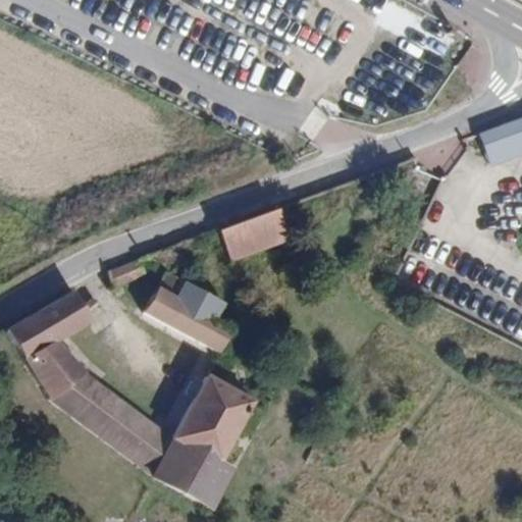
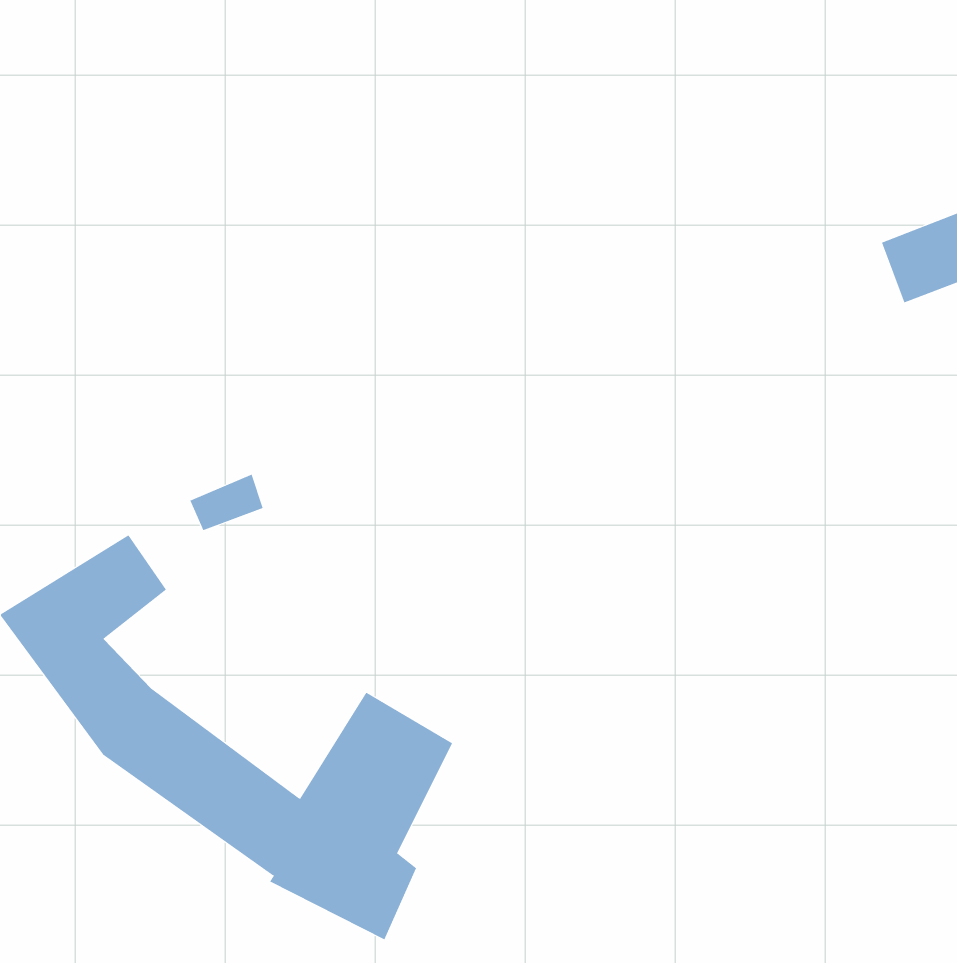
building: [218,211,285,263] -> none
building: [142,279,234,353] -> none

